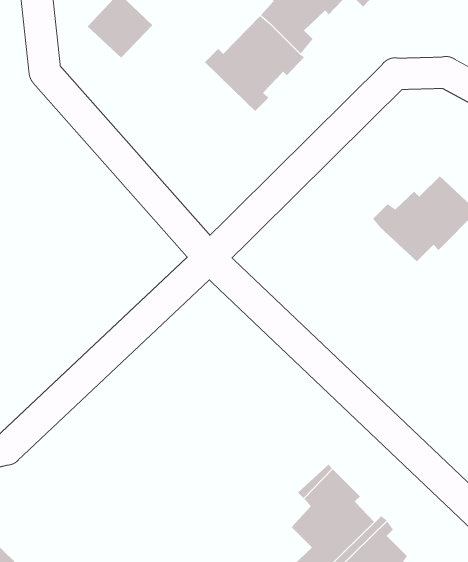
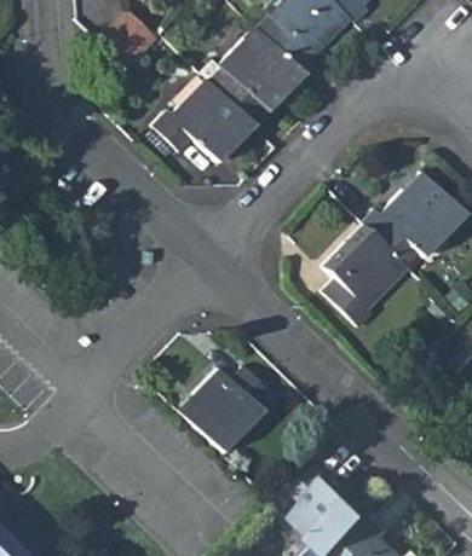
building: none -> [148,76,244,157]
building: none -> [329,232,408,330]
building: none -> [175,360,258,447]

